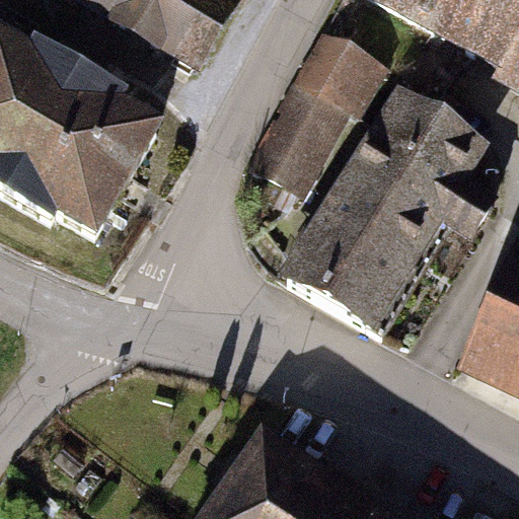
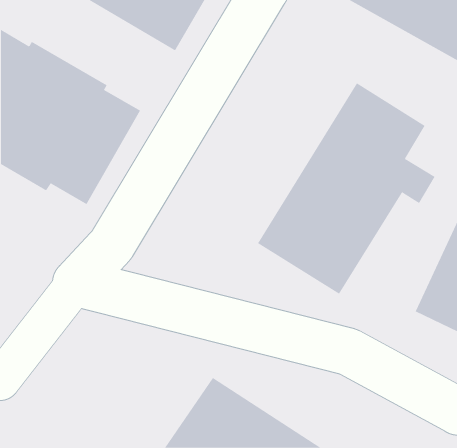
building: [237,25,377,200] -> none

